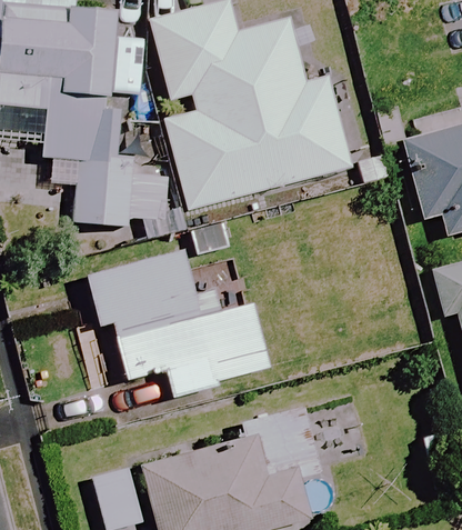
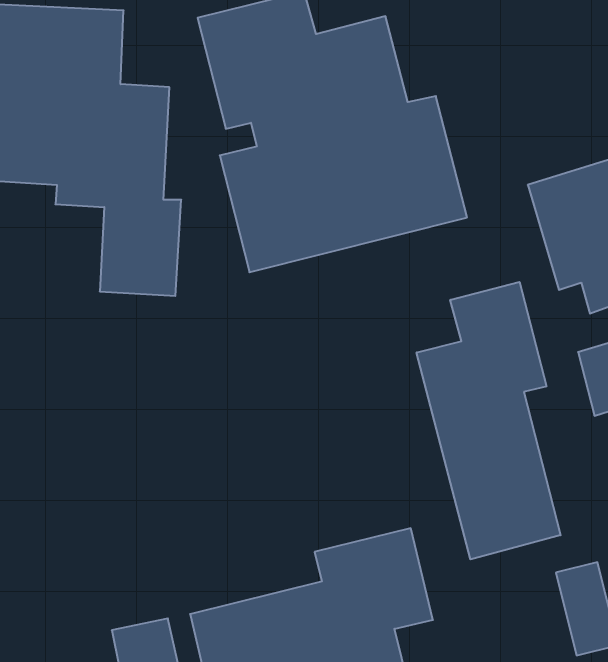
building: none -> [417,282,561,559]
building: [88,248,272,381] -> none

